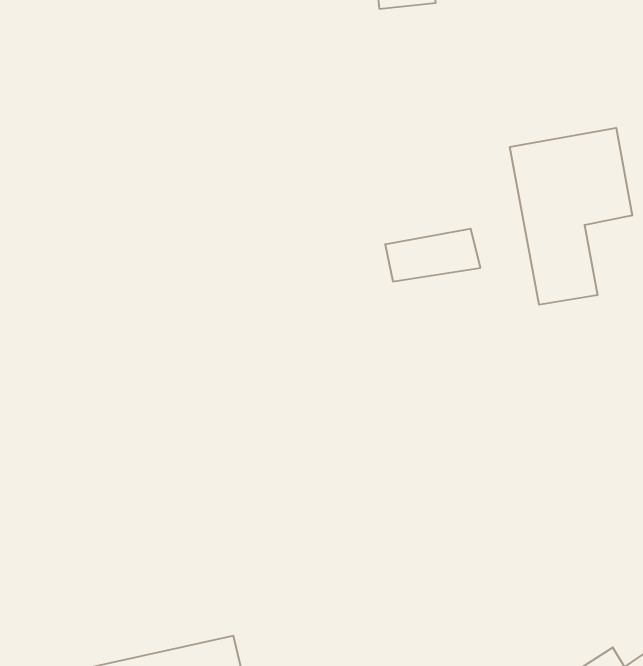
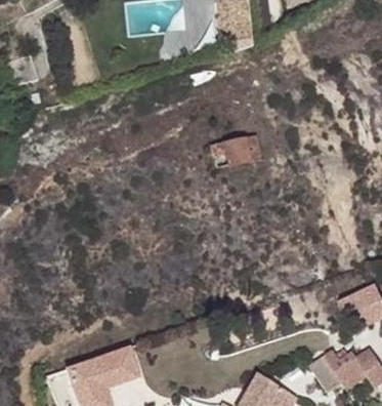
building: [510,128,632,305] -> none

